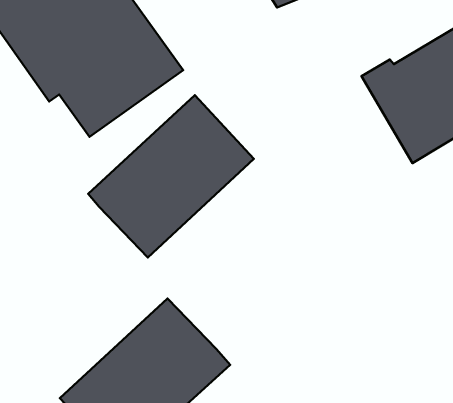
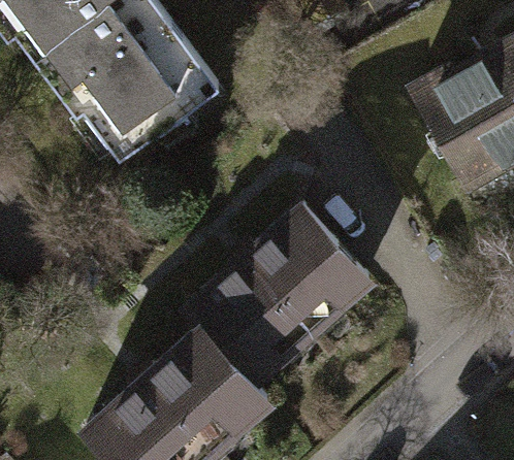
building: [88,95,254,258] -> [190,204,364,375]

